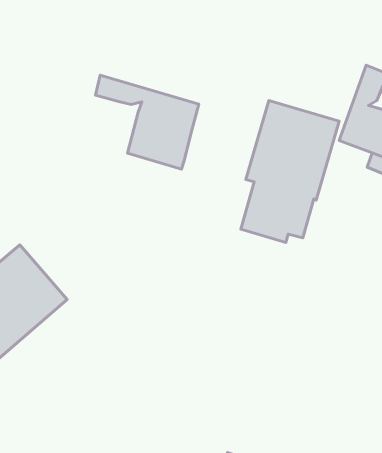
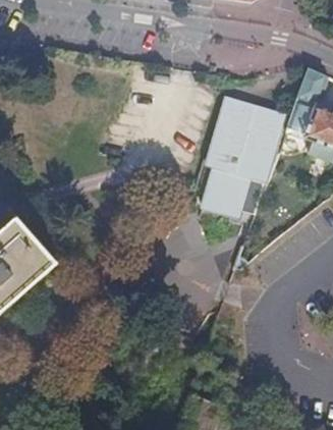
building: [95,75,199,169] -> none

